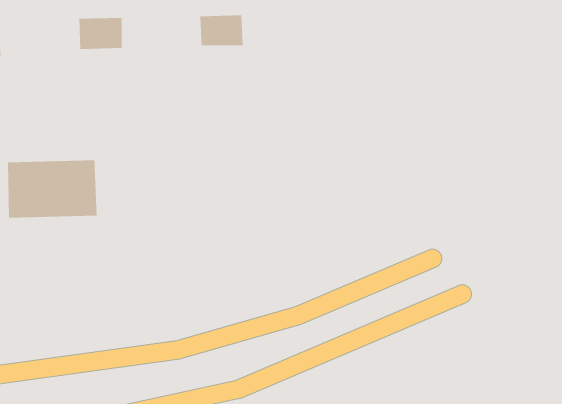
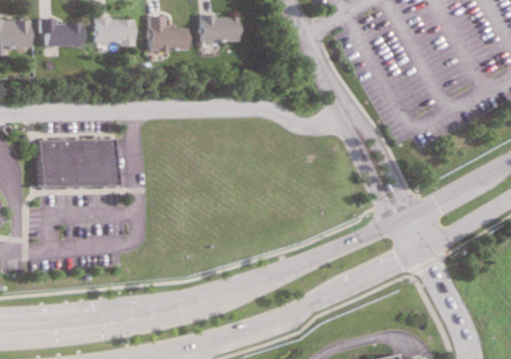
building: none -> [149,16,186,51]
building: none -> [41,19,83,46]

